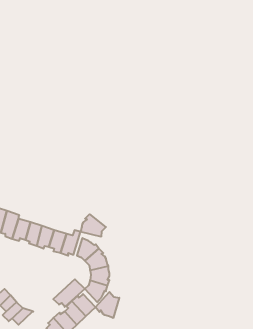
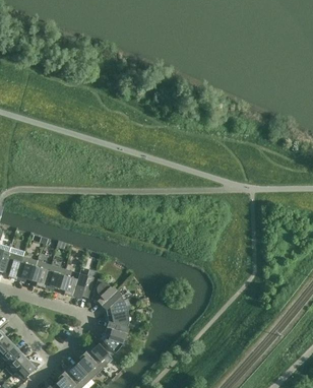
building: [80,214,106,237] -> none
building: [53,279,85,307] -> none
building: [95,292,119,318] -> none

